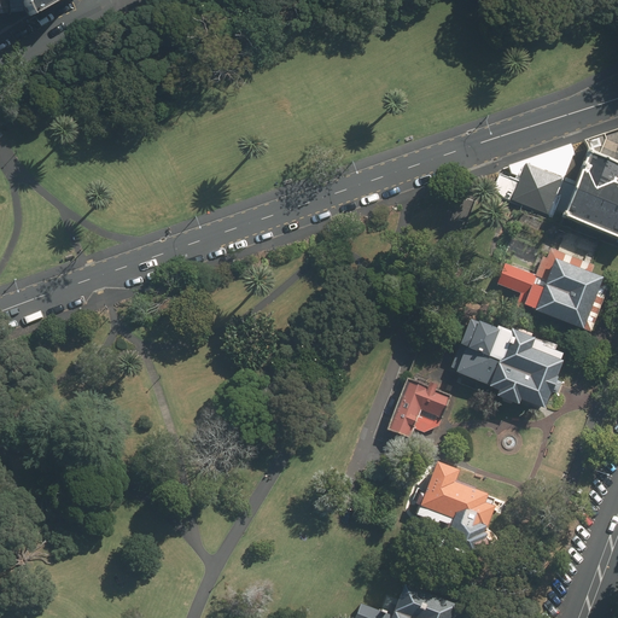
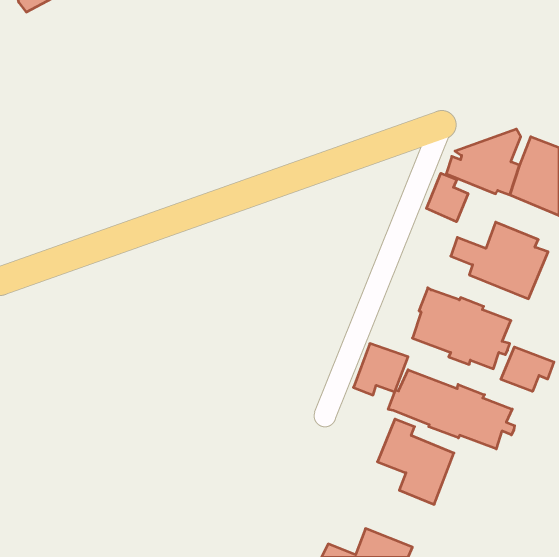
building: none -> [426,173,468,222]
building: none -> [501,347,554,391]
building: none -> [388,370,515,449]

